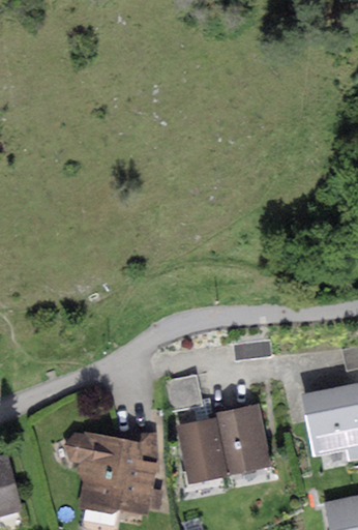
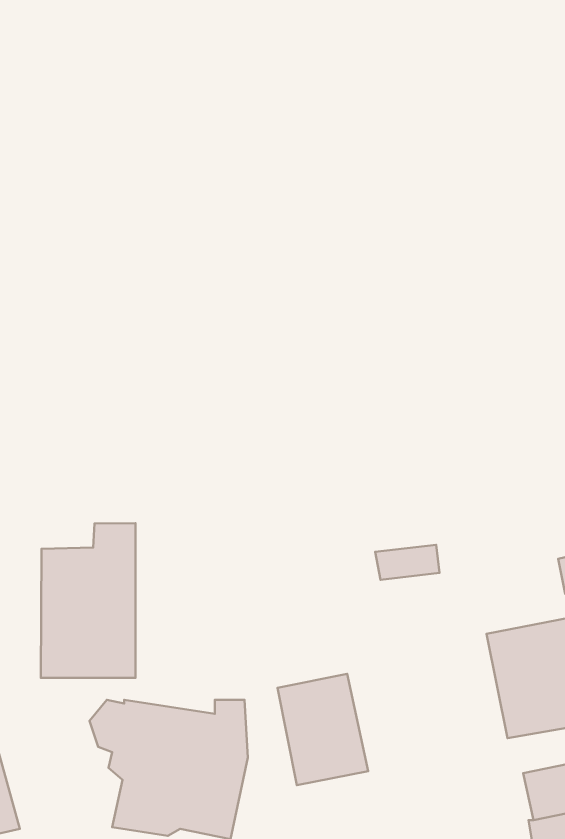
building: none -> [41,523,136,678]
building: [163,375,201,410] -> none
building: [216,404,272,475] -> none

